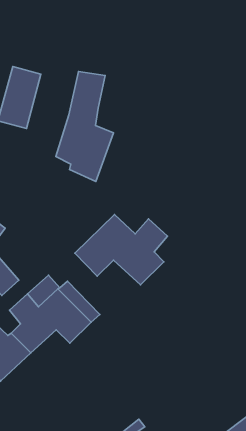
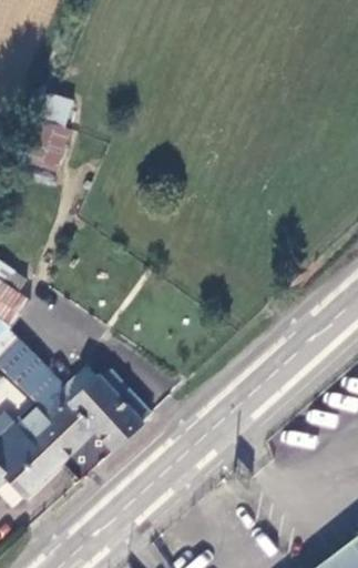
building: [56,72,113,181] -> none
building: [75,215,167,285] -> none

